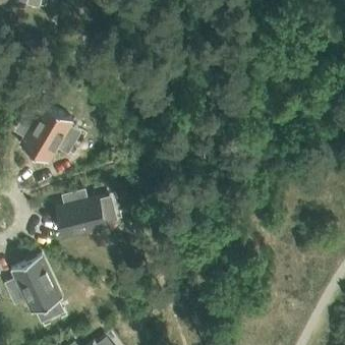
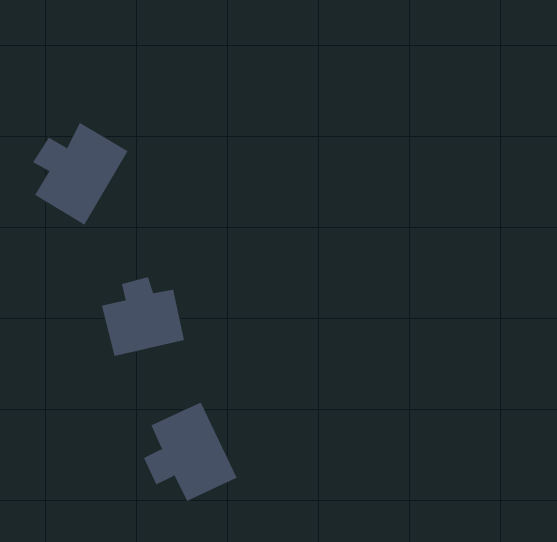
building: [8,256,61,312] -> [143,402,238,502]

